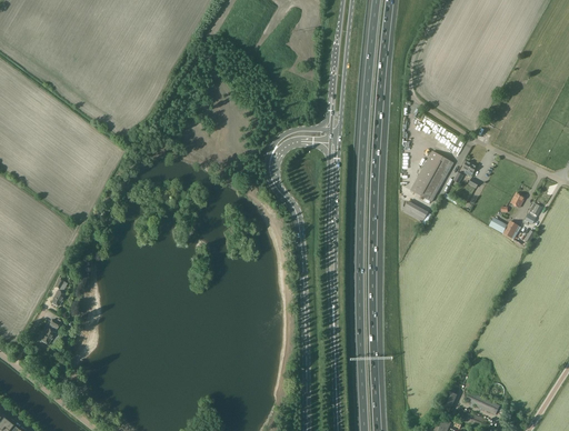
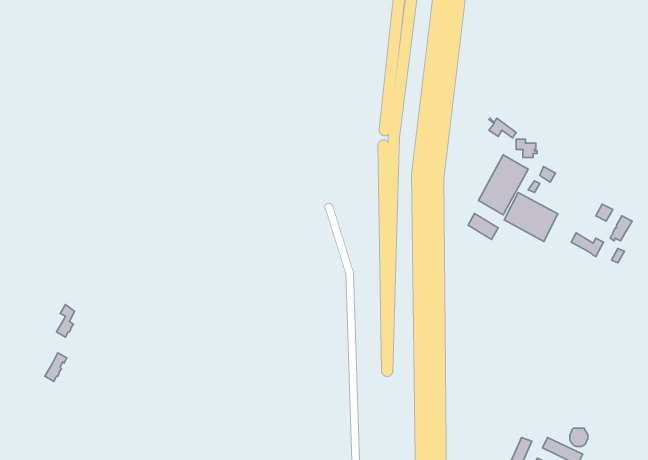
building: none -> [504,192,558,241]

